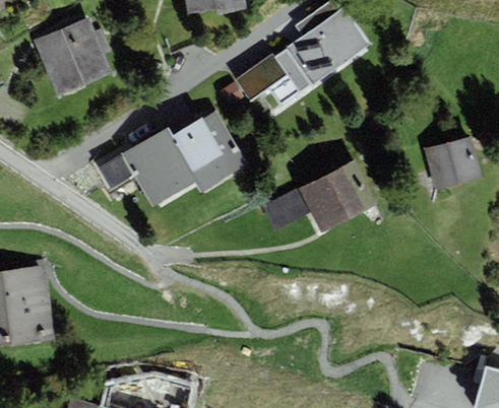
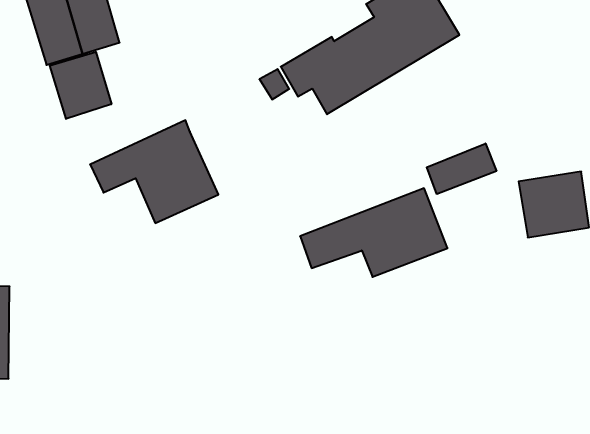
building: none -> [50,52,111,119]
building: [172,111,248,191] -> none
building: none -> [427,143,496,194]

